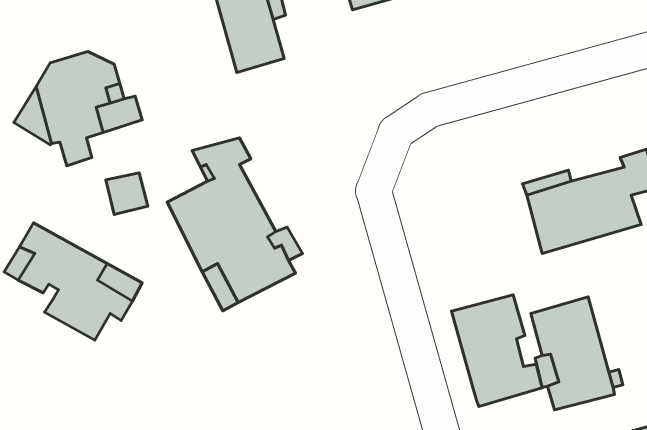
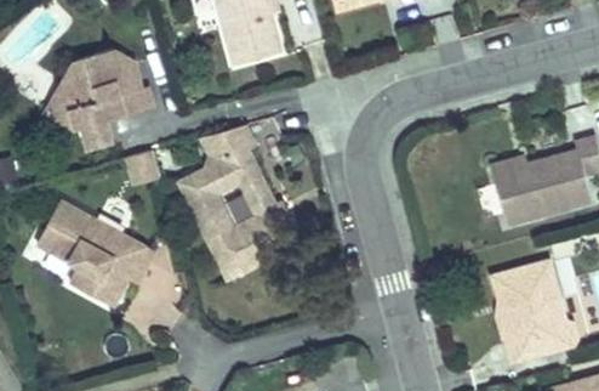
building: [452,295,542,407] -> none

